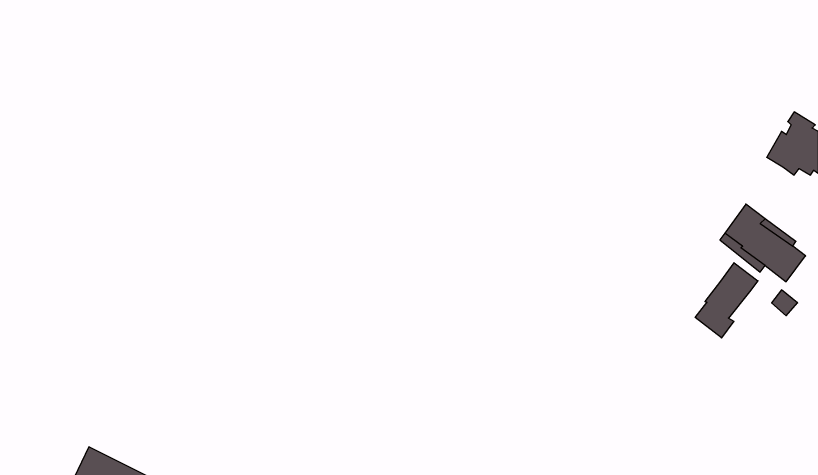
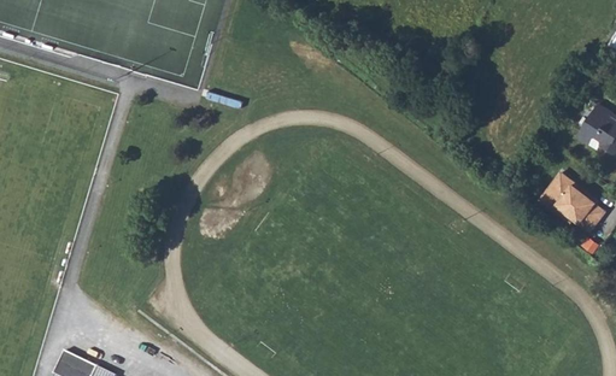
building: [695,263,758,338] -> none

